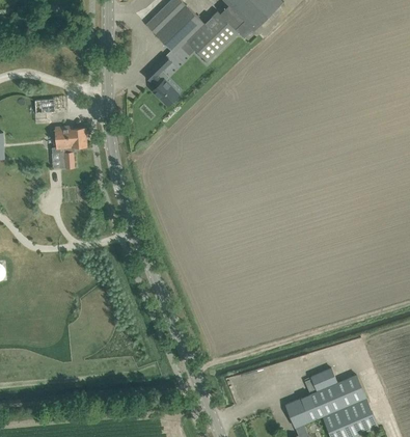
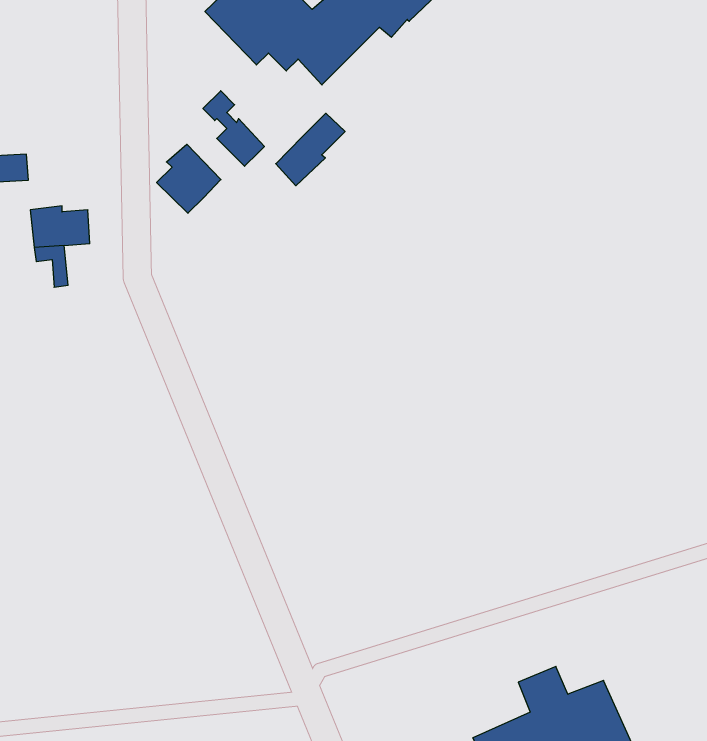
building: none -> [276,113,345,186]
building: none -> [157,144,221,213]

